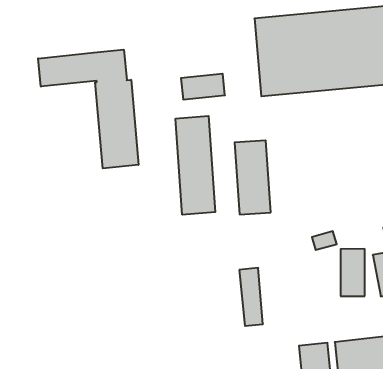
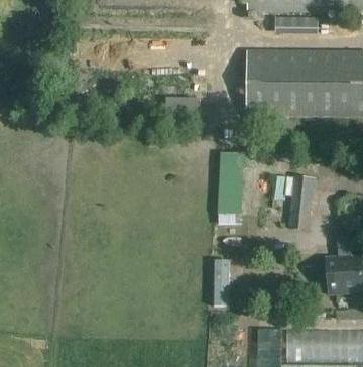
building: [38,50,138,168] -> none
building: [176,116,215,215] -> none
building: [341,249,365,296] -> [290,174,315,216]

